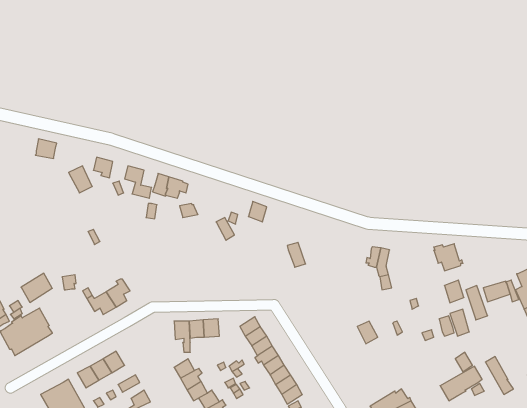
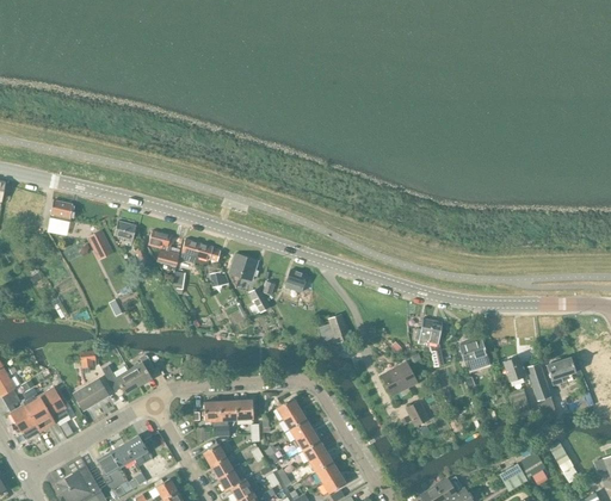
building: none -> [228,253,258,280]
building: [434,244,463,271] -> [458,340,490,370]
building: [21,273,52,302] -> [73,378,107,410]
building: none -> [382,364,415,395]

